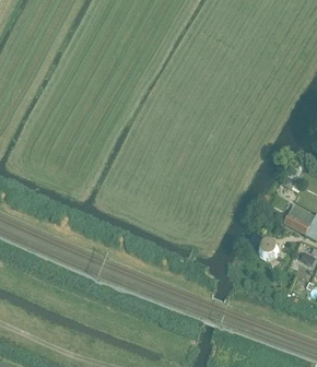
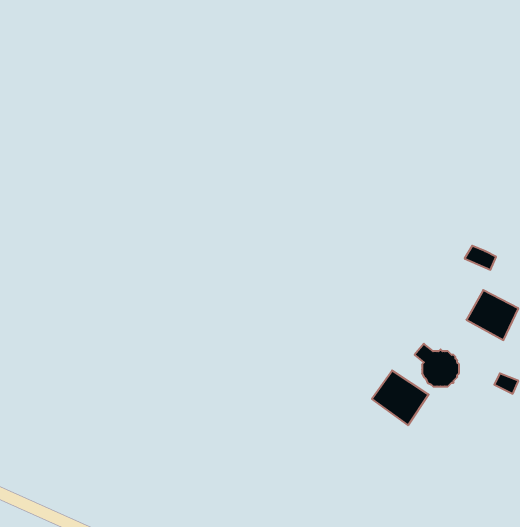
building: none -> [372,370,429,425]

